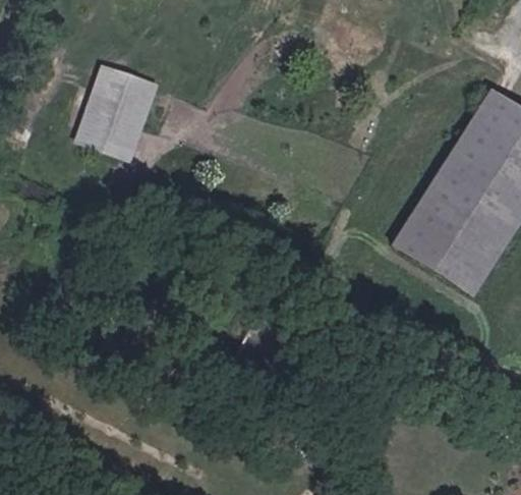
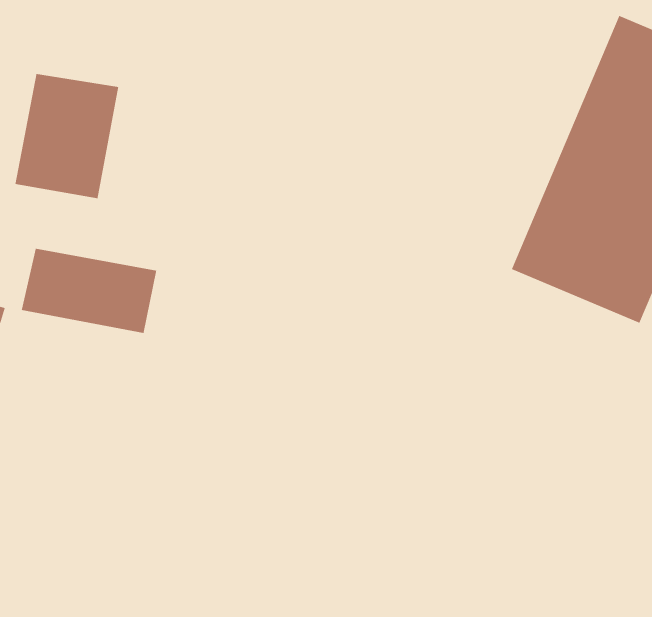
building: none -> [21,248,157,334]

